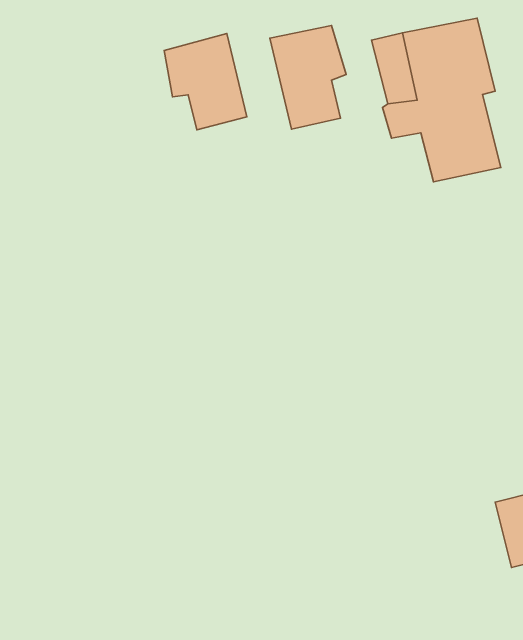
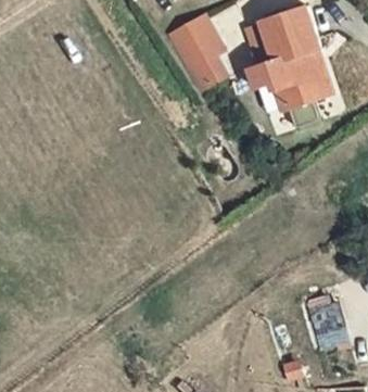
building: [164,33,247,130] -> none

